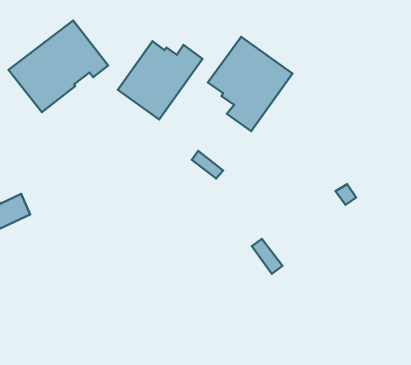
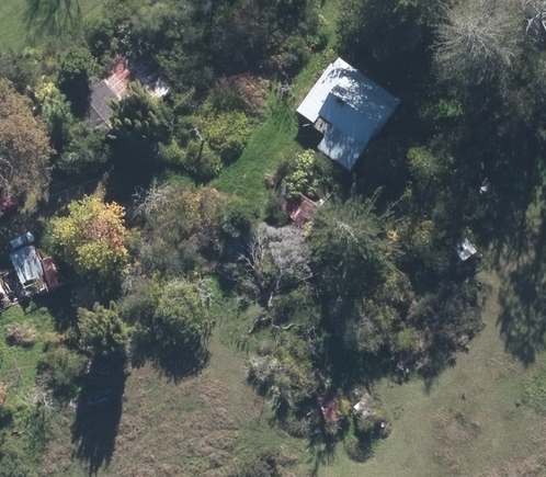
building: [118,41,203,120] -> none

